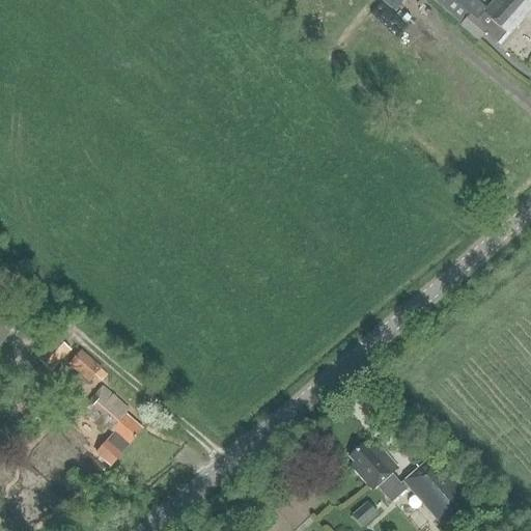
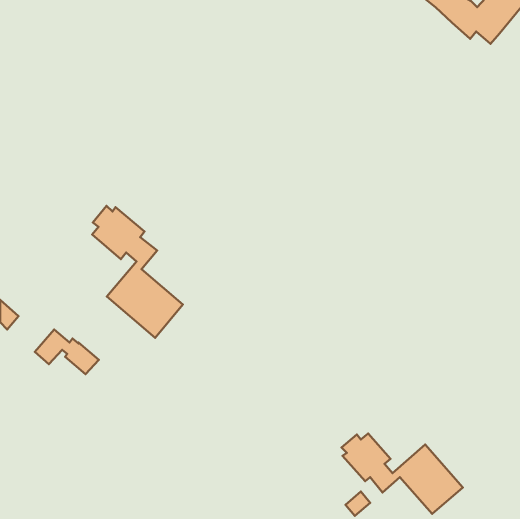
building: none -> [92,206,183,338]
building: [83,388,142,465] -> none

